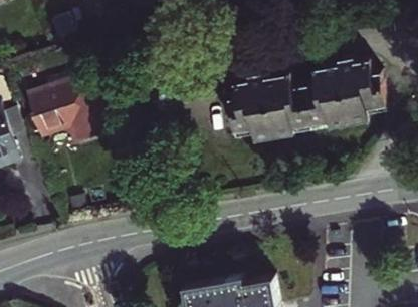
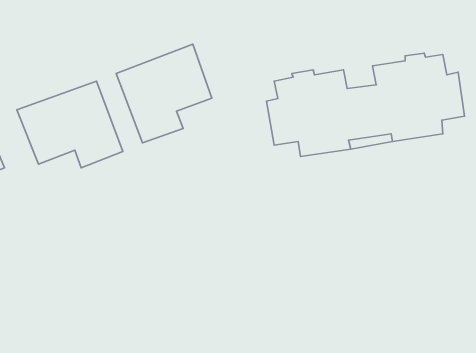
building: none -> [116,44,212,143]

